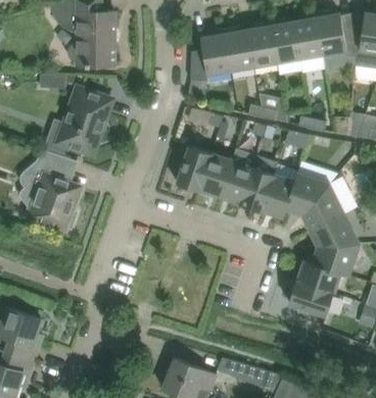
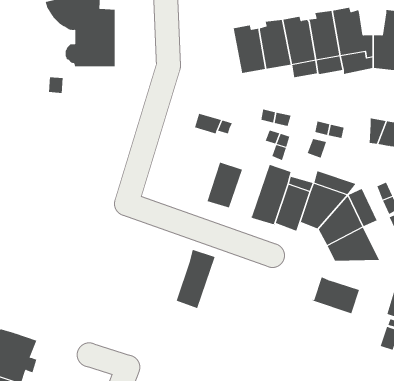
building: [191,30,232,81] -> none
building: [59,88,112,154] -> none
building: [177,146,212,191] -> none
building: [221,148,257,203] -> [176,249,215,309]
building: [22,149,82,230] -> none
building: [313,244,360,275] -> none
building: [289,281,334,315] -> none

